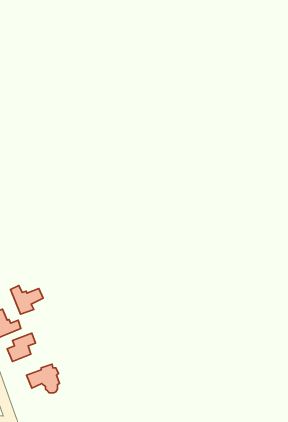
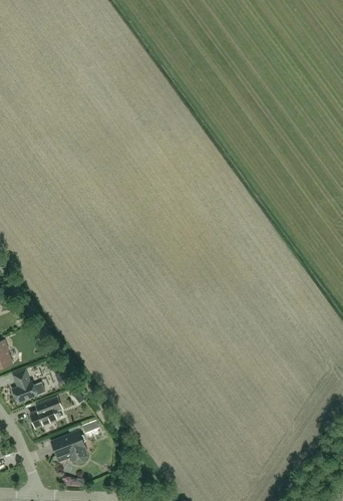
building: [11,285,43,314] -> none

